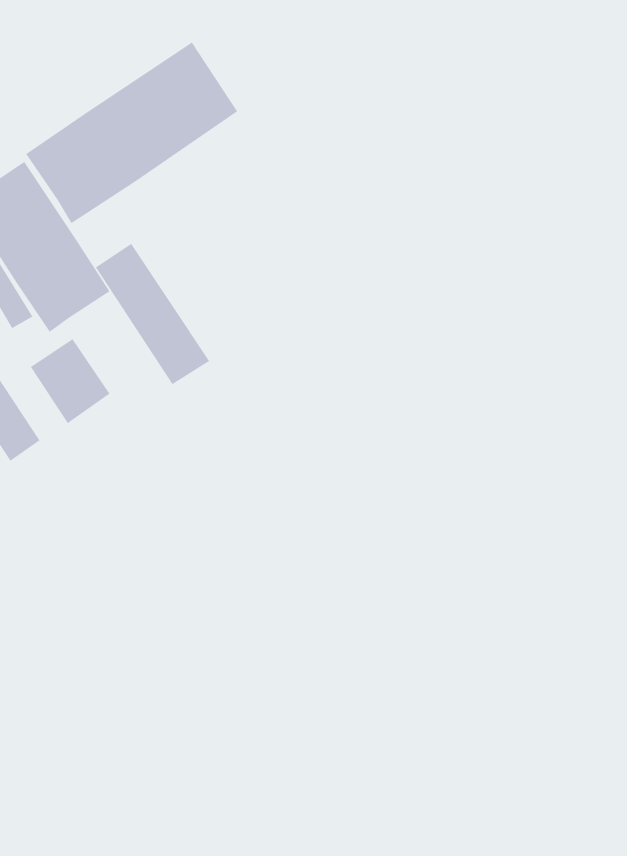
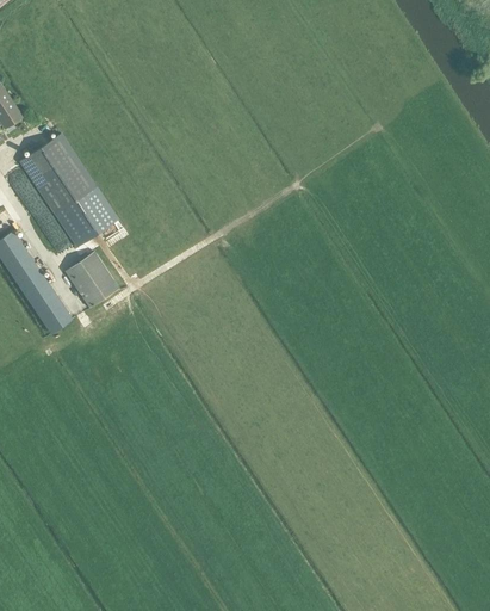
building: [25,41,238,224] -> none
building: [95,243,210,385] -> none

